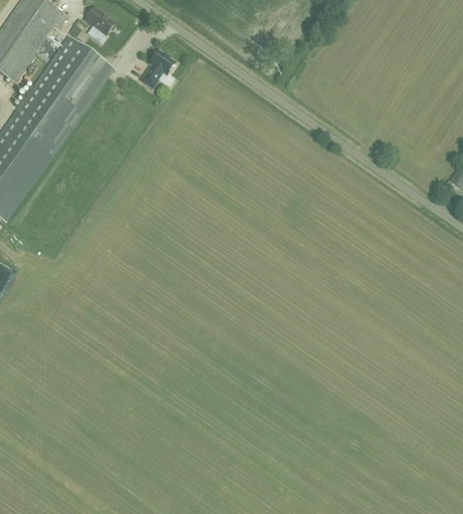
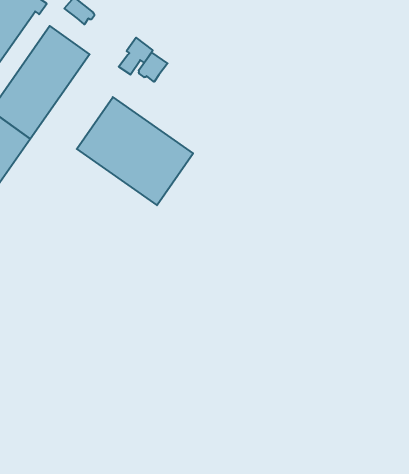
building: none -> [139,52,168,82]
building: none -> [77,97,193,205]

